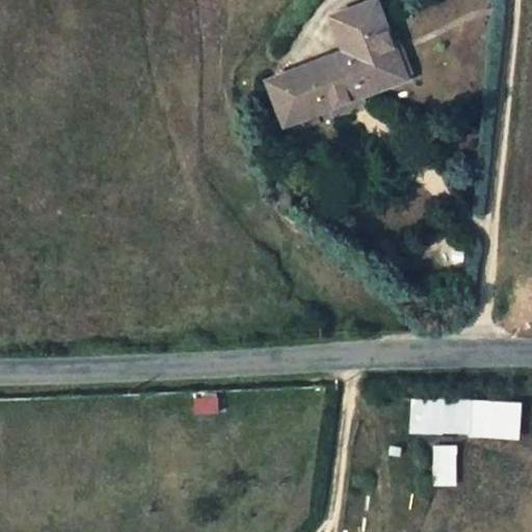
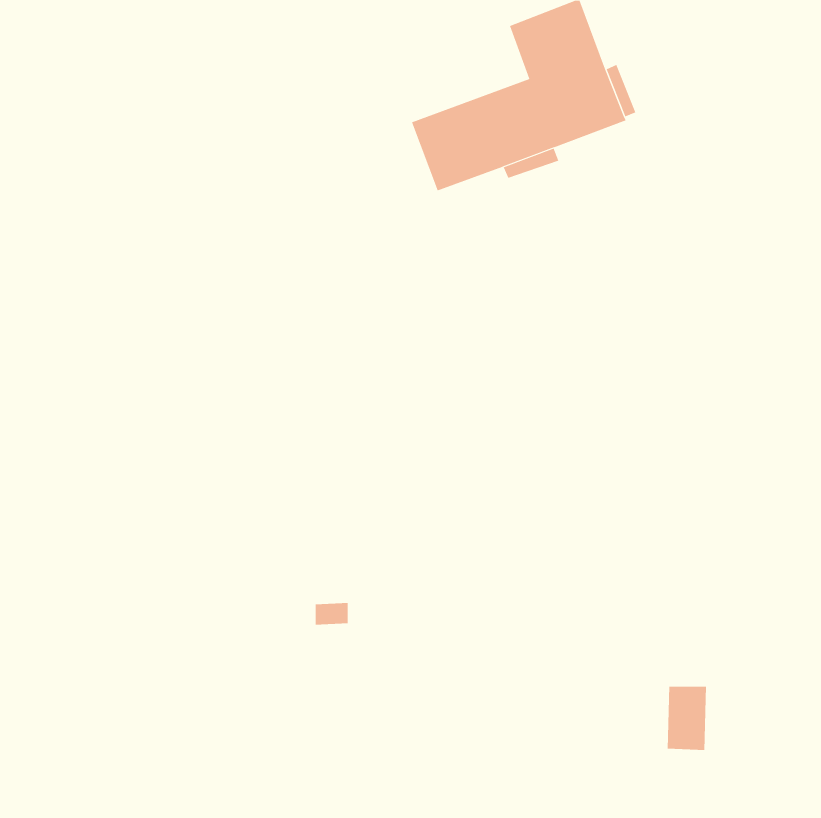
building: [409,398,520,438] -> none

